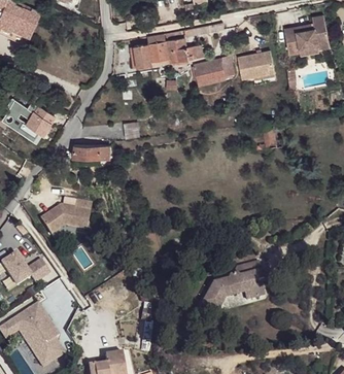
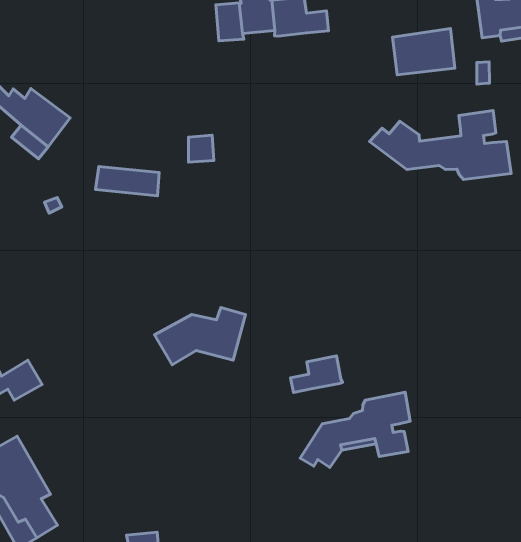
building: [195,55,235,84] -> none
building: none -> [370,110,511,179]
building: [40,199,92,234] -> [154,307,245,365]
building: none -> [291,356,342,393]

